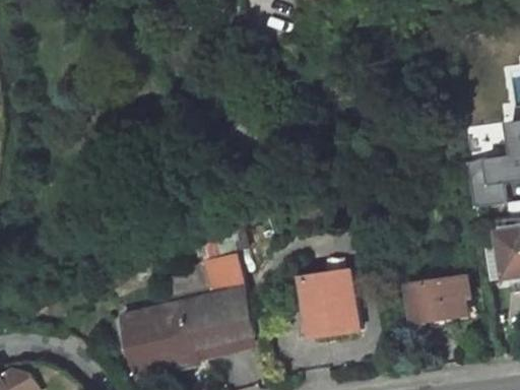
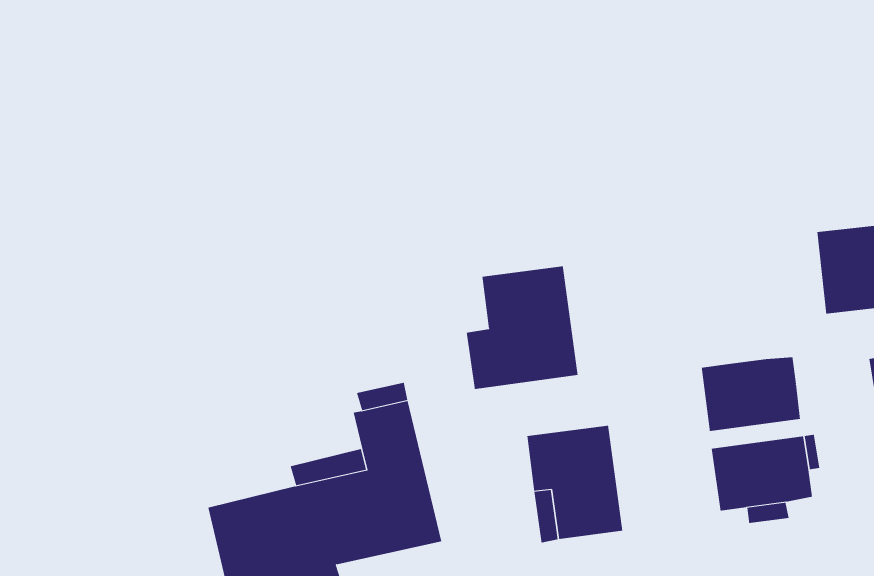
building: none -> [466,265,578,390]
building: none -> [701,357,800,432]

